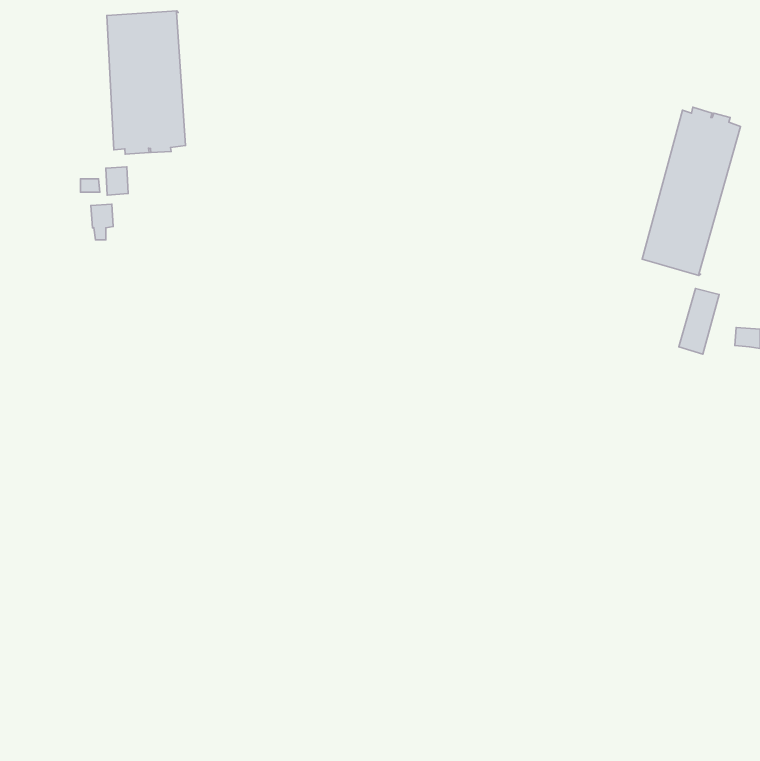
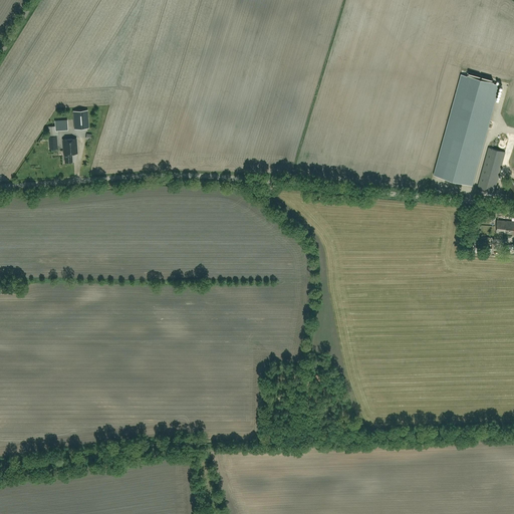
building: [107,11,186,154] -> none
building: [679,289,719,354] -> [477,148,504,192]

